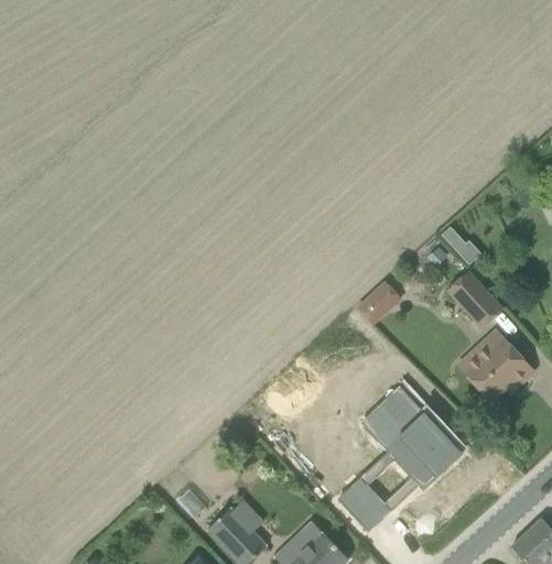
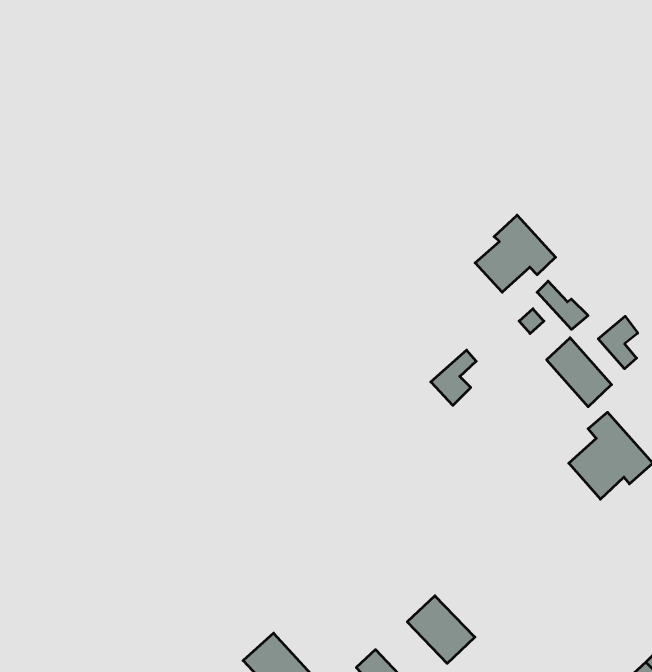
building: none -> [475,215,556,292]
building: none -> [598,316,638,369]
building: [372,389,465,487] -> none

